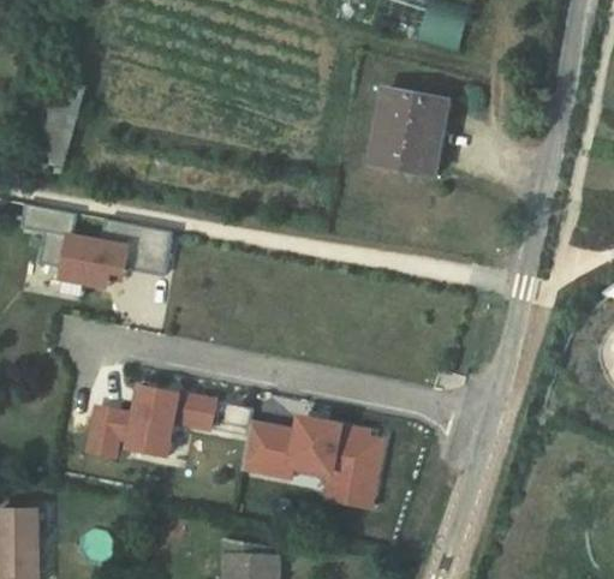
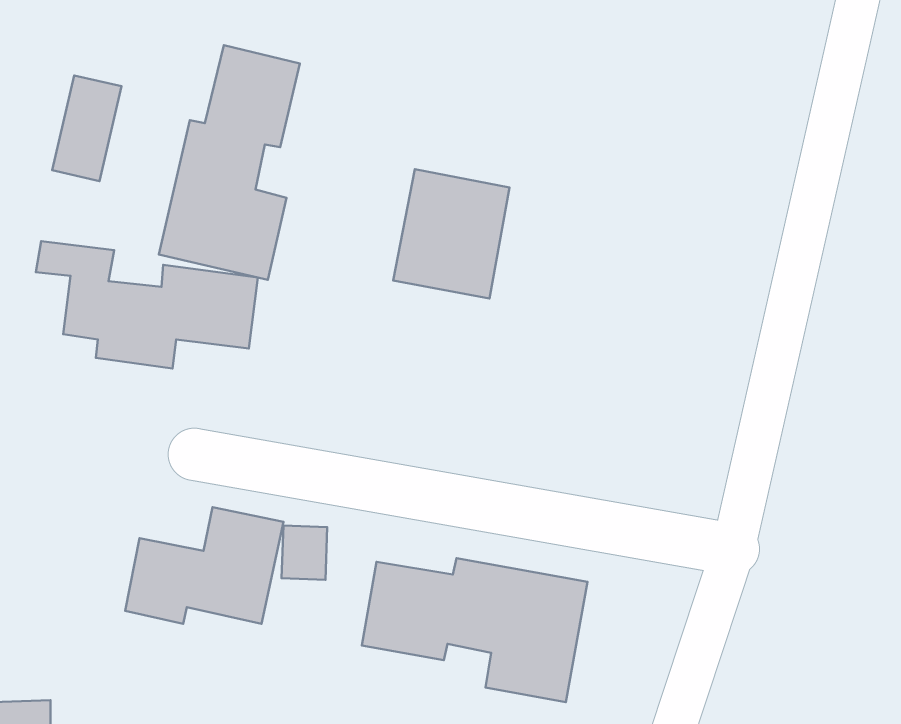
building: none -> [159,45,300,280]
building: [369,90,446,175] -> [393,169,510,299]

